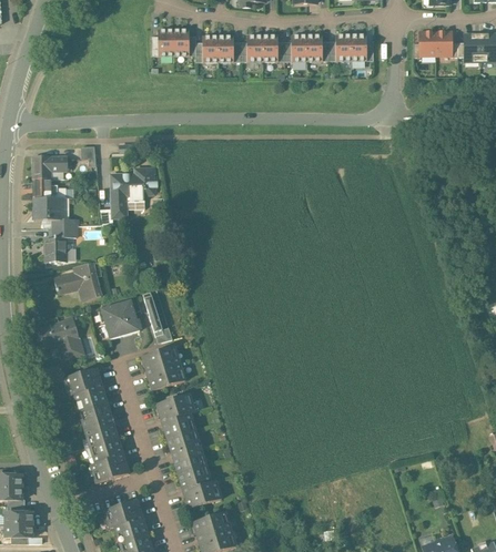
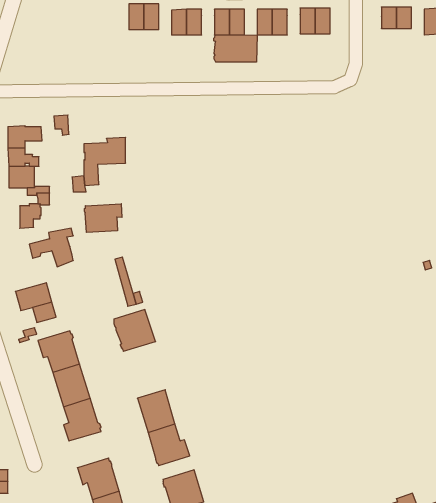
building: none -> [214,35,257,62]
building: none -> [84,204,122,232]
building: [101,301,140,339] -> none
building: [156,395,195,439] -> none

